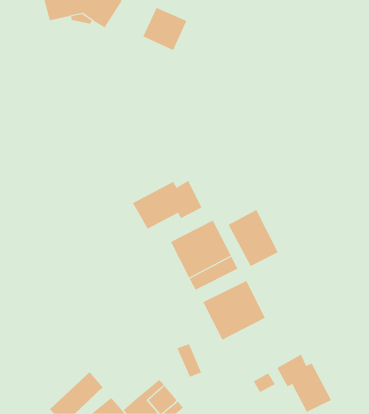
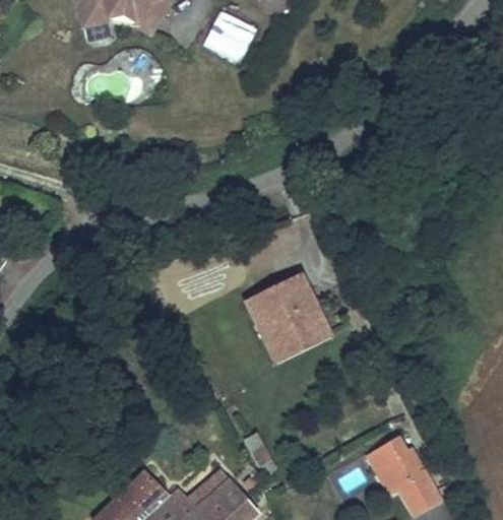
building: [132,180,202,229] -> none
building: [228,209,279,267] -> none
building: [203,280,265,340] -> none

